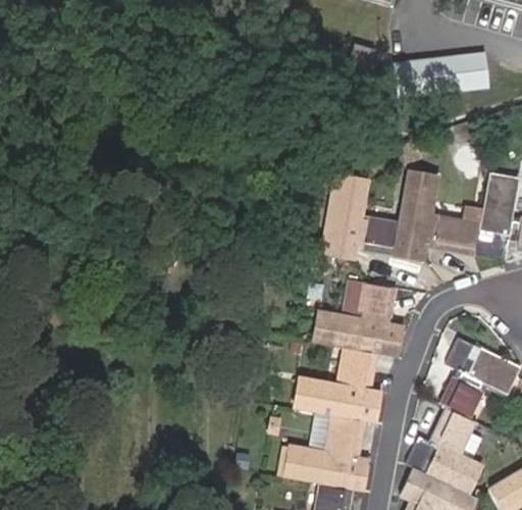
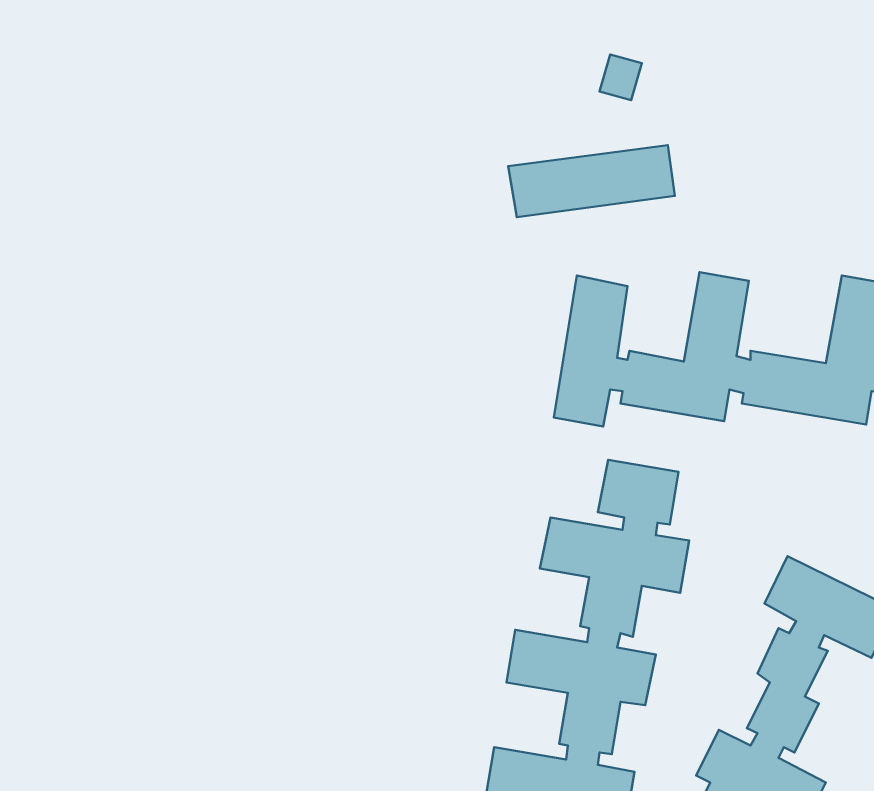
building: [397,51,493,93] -> [508,145,675,217]

